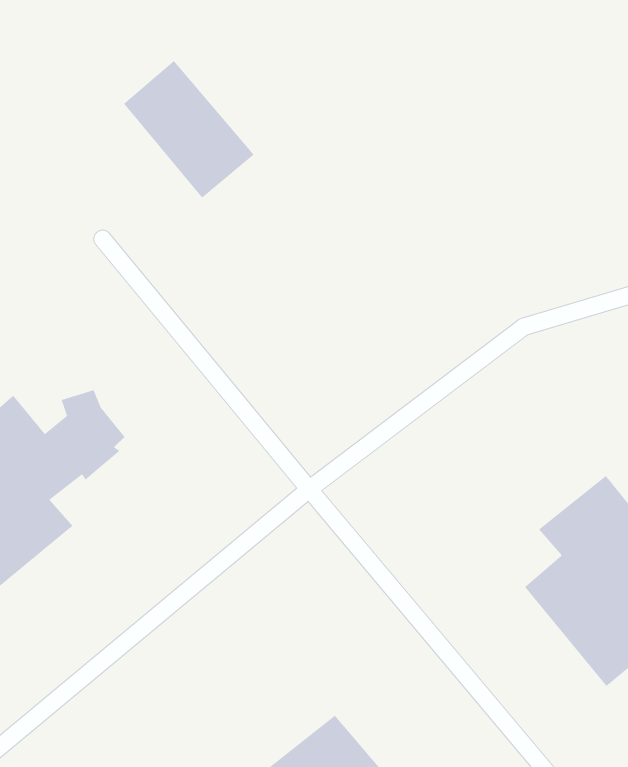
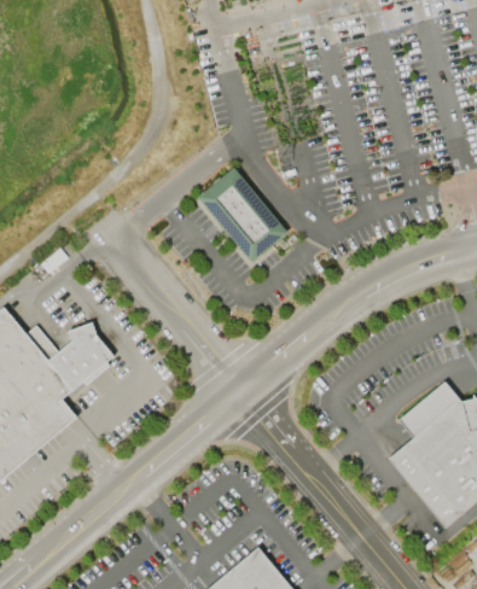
building: [123,60,254,198] -> [197,168,287,263]

